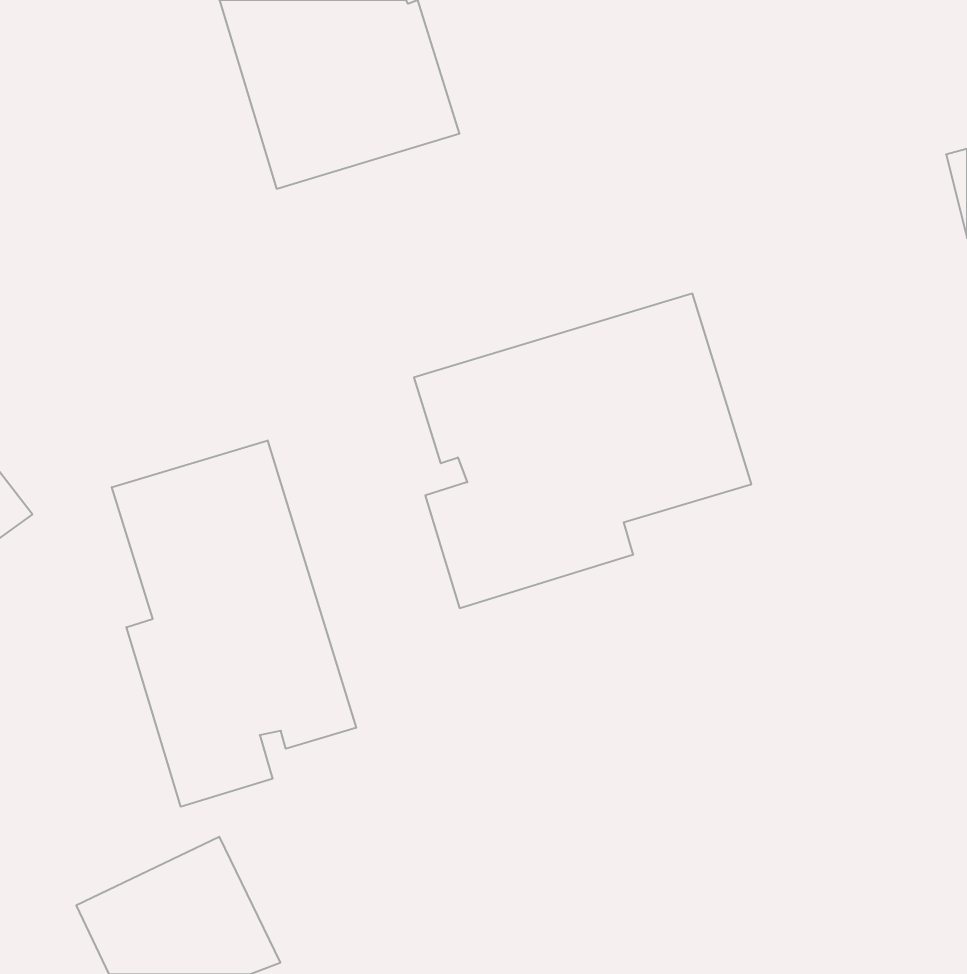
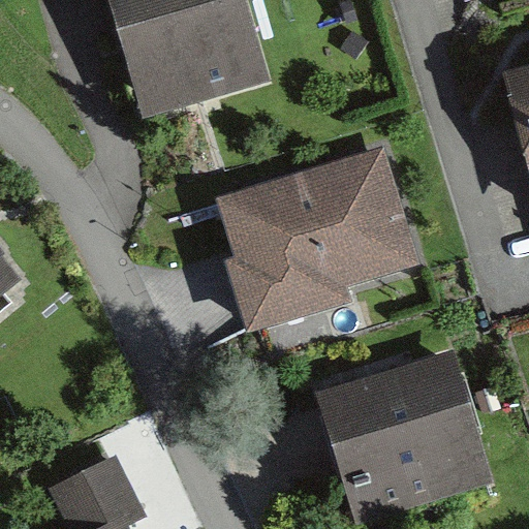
building: [112,440,356,807] -> none
building: none -> [324,364,480,493]

